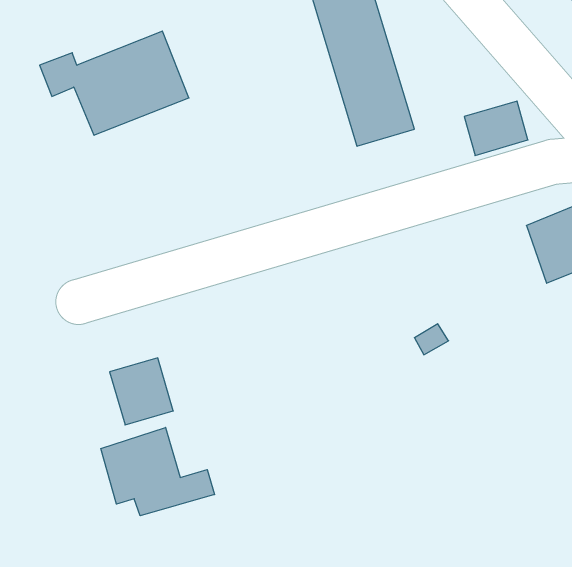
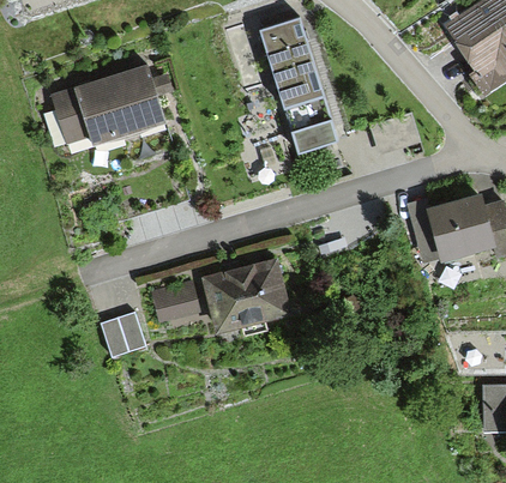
building: none -> [204,261,283,330]
building: none -> [150,280,197,320]
building: [101,427,215,516] -> none

